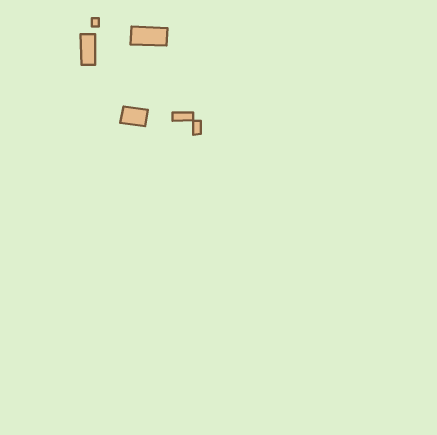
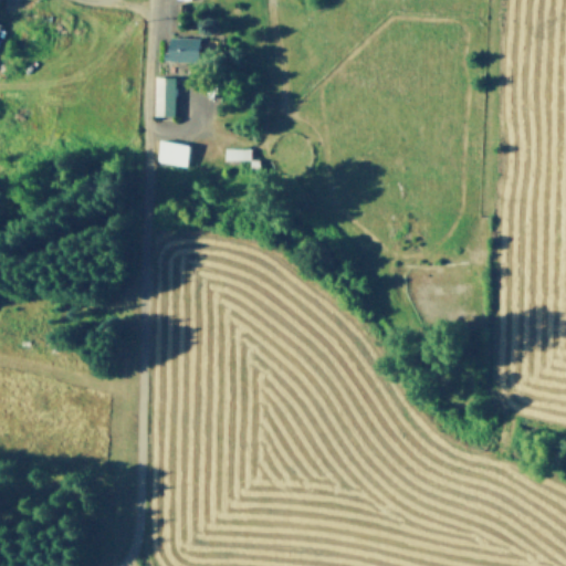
building: [81,34,95,65] -> [155,77,174,117]

